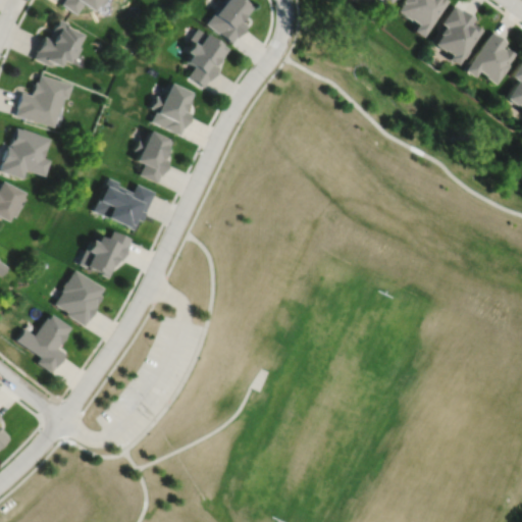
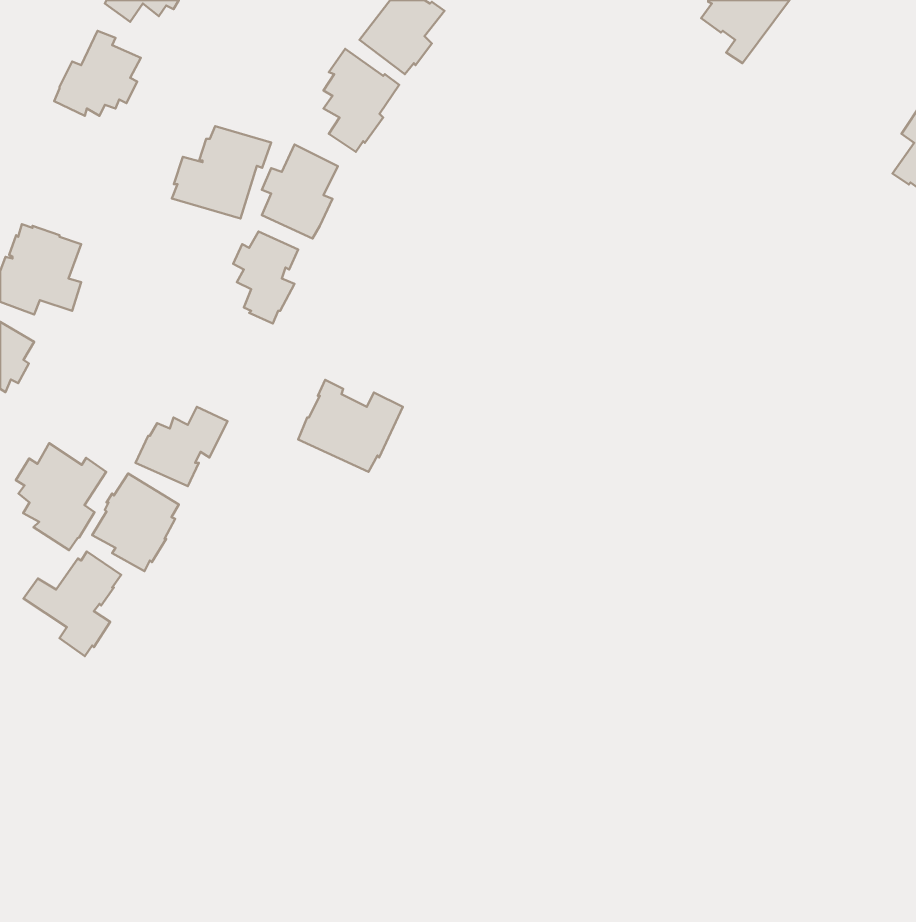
building: [435,5,483,64] -> none
building: [465,32,516,85] -> none
building: [16,74,72,126] -> [172,126,271,218]
building: [96,177,155,229] -> [298,380,403,472]
building: none -> [16,443,106,550]

